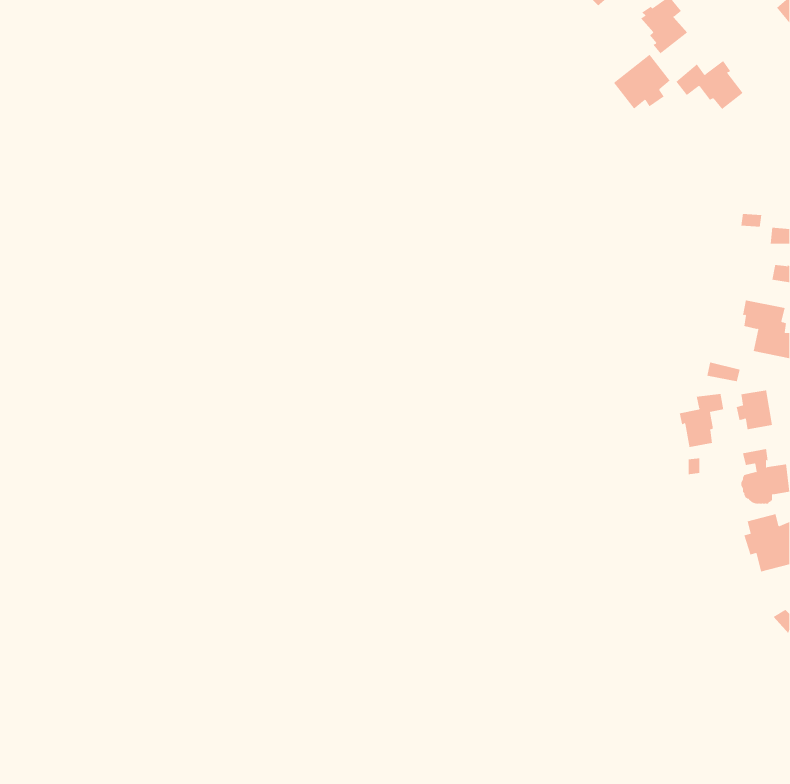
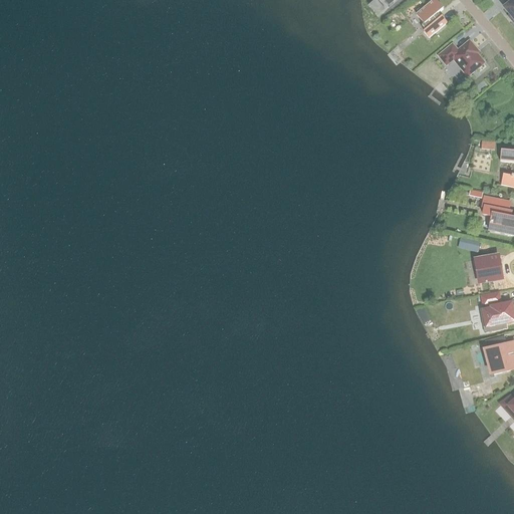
building: [613,54,671,110] -> none
building: [679,393,724,448] -> none

